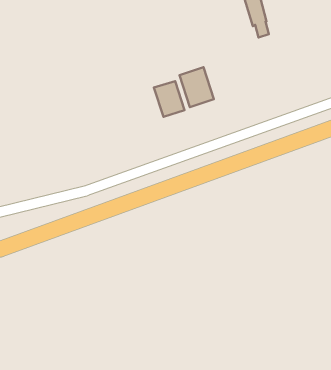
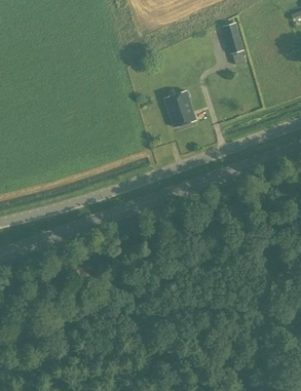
building: [154,81,185,117] -> none

